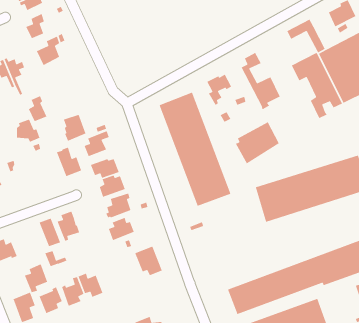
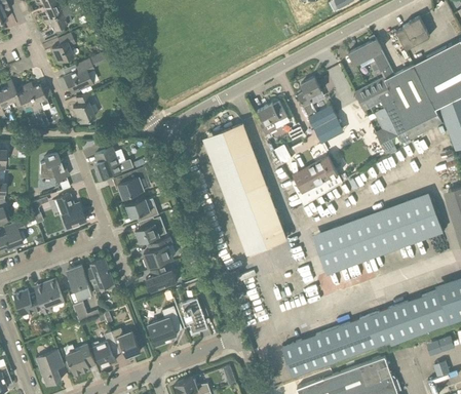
building: [28,95,48,122] -> [73,92,95,123]
building: [56,146,82,177] -> [55,194,85,229]
building: none -> [148,306,183,346]
building: [24,263,48,293] -> [36,279,64,313]

